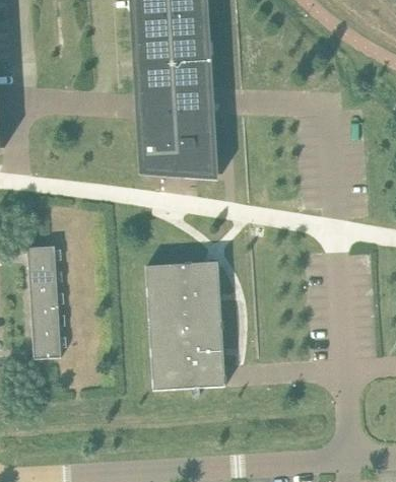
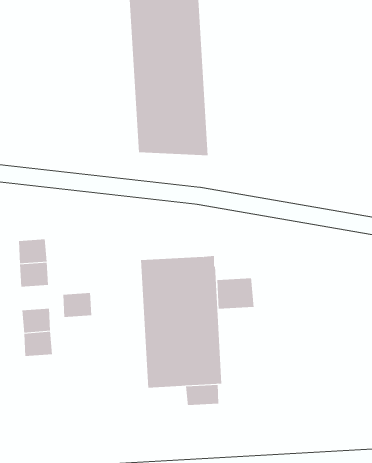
building: none -> [217,278,254,309]
building: [30,291,59,316] -> [63,292,92,318]
building: none -> [186,384,219,406]

